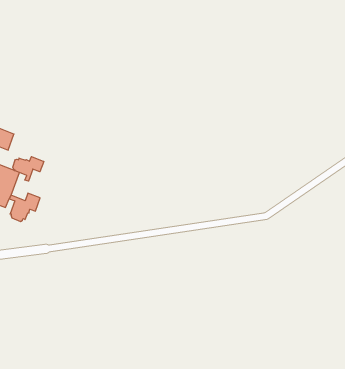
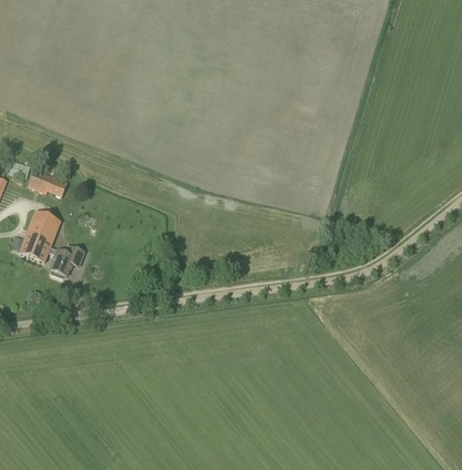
building: [13,157,44,181] -> none

